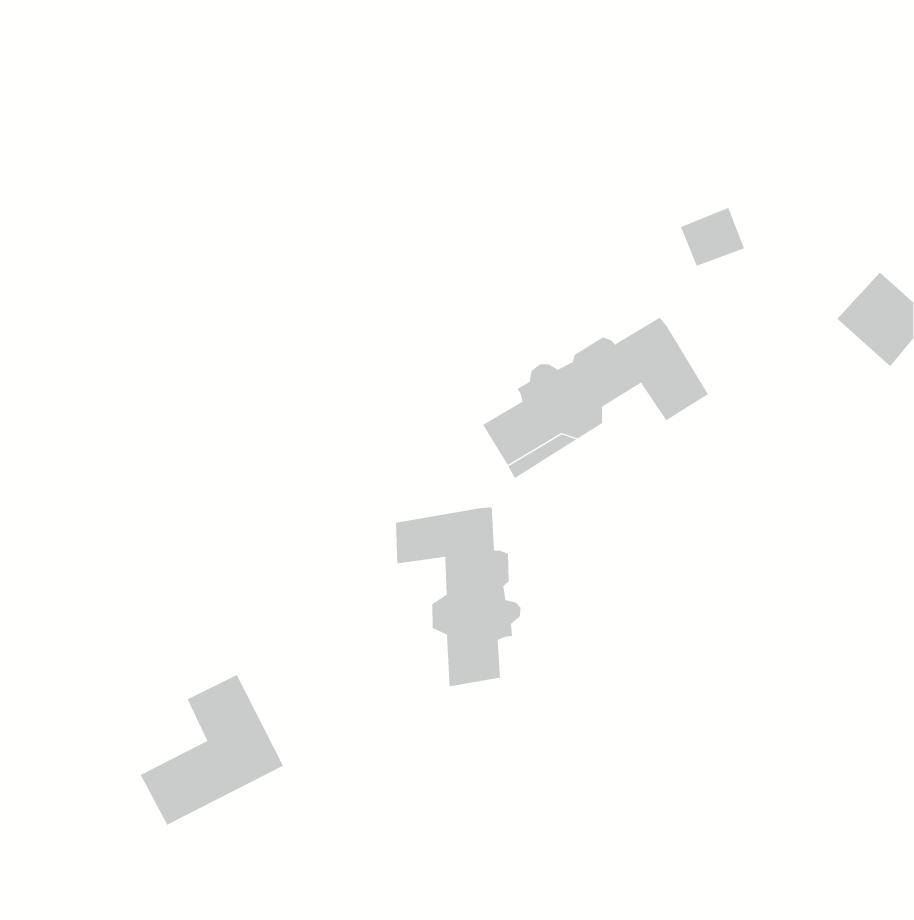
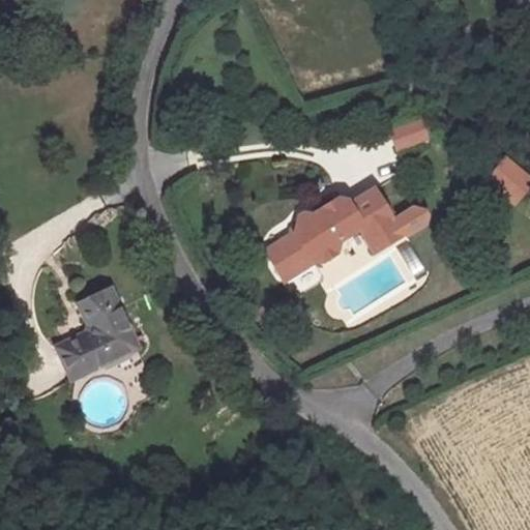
building: [396,507,521,687] -> none
building: [140,674,284,825] -> [54,294,137,381]

